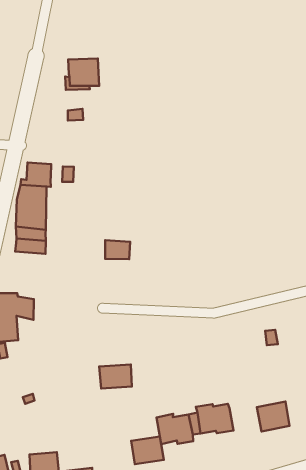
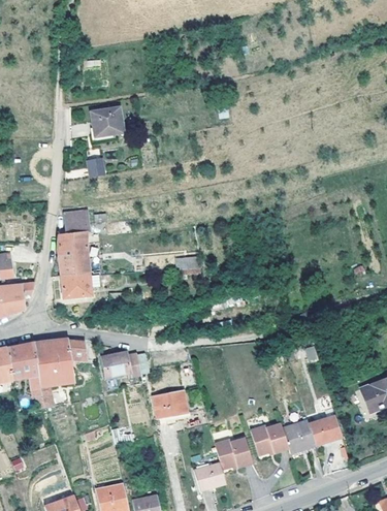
building: [105,240,130,259] -> [176,255,201,274]
building: none -> [100,353,140,380]
building: none -> [281,417,314,450]

